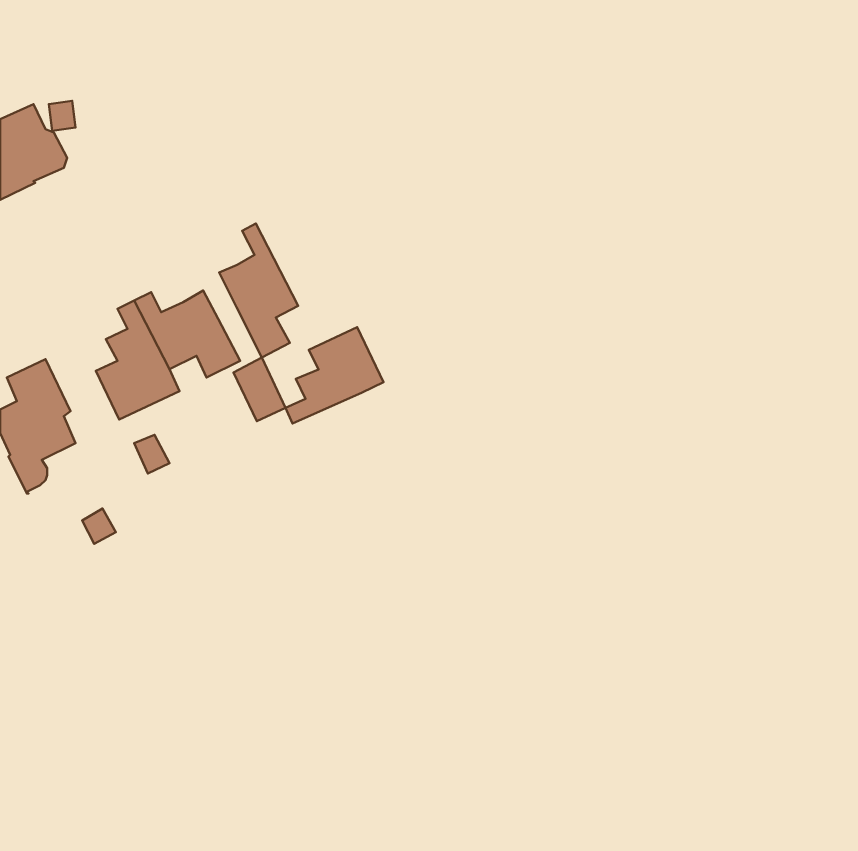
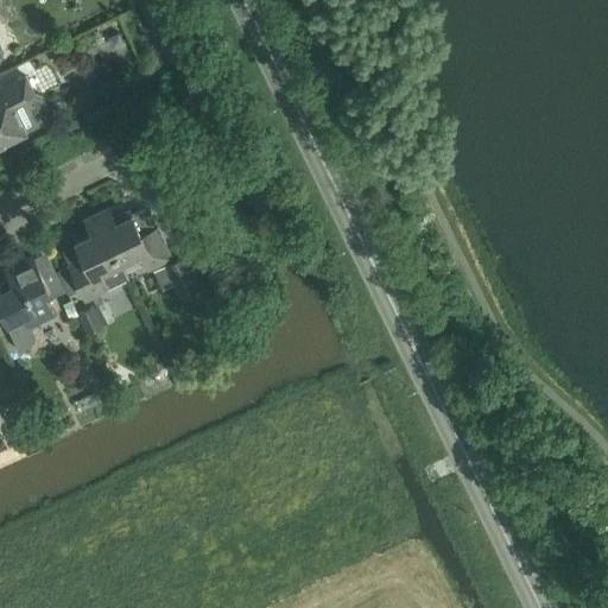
building: [219,223,298,358] -> none
building: [285,327,384,424] -> none

